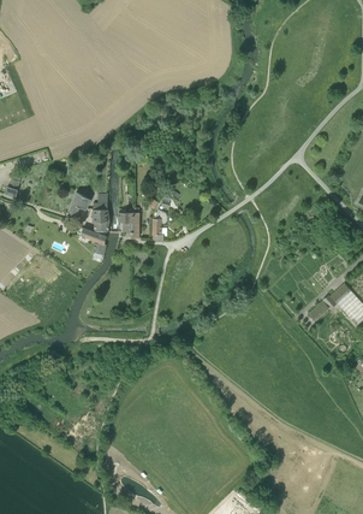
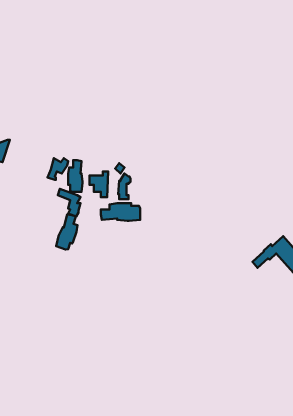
building: none -> [101,203,140,221]
building: none -> [56,215,78,249]

